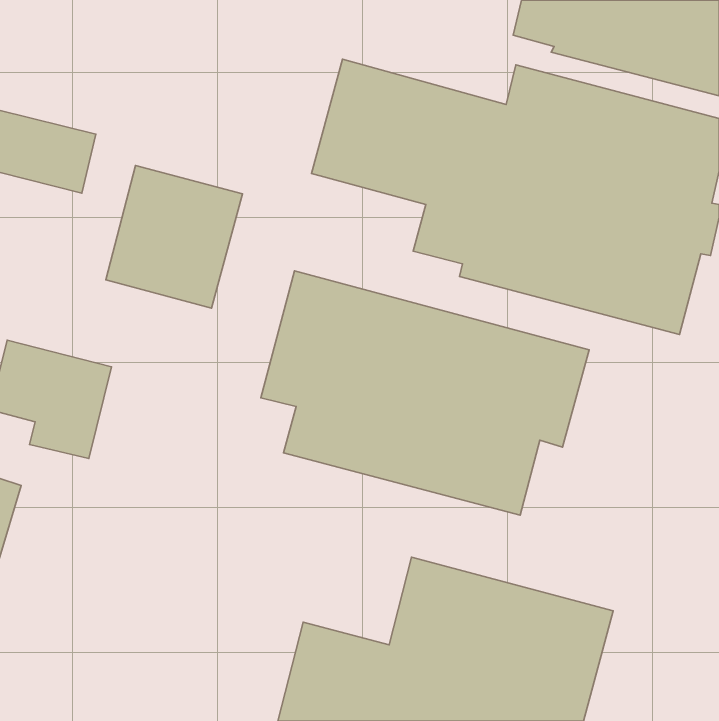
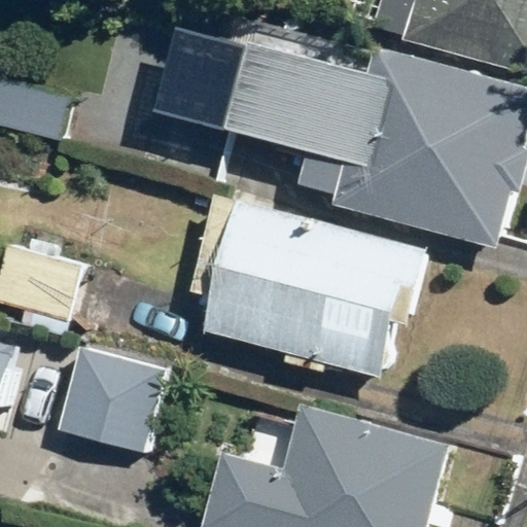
building: [106,166,243,308] -> [150,23,250,127]
building: none -> [61,356,165,456]

